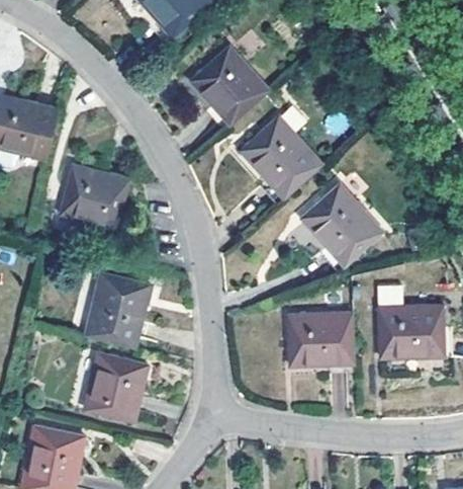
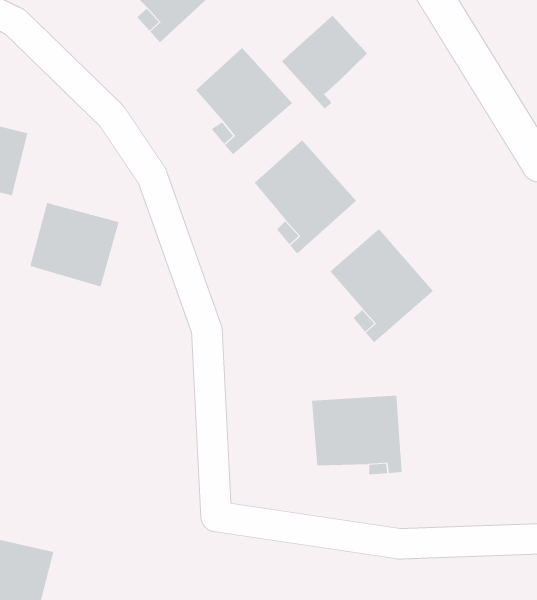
building: none -> [281,15,368,110]
building: [90,270,156,346] -> none
building: [376,288,444,359] -> none
building: [83,354,146,422] -> none

